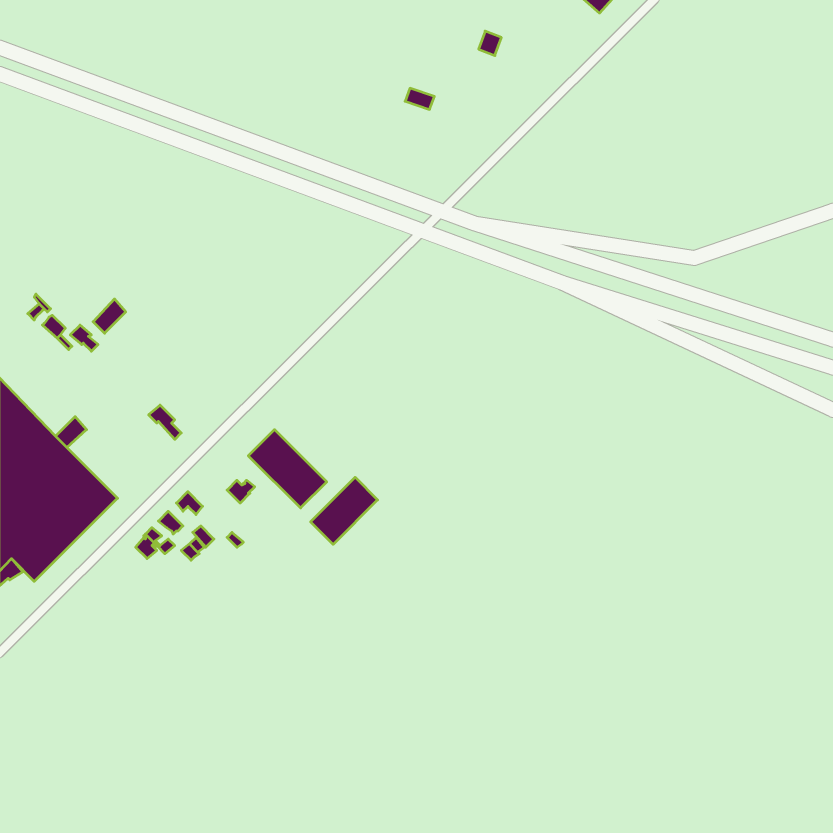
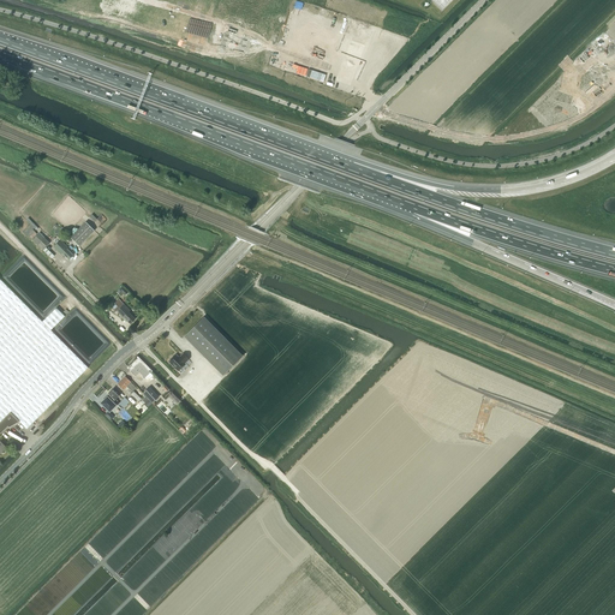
building: [311,477,378,544] -> none

